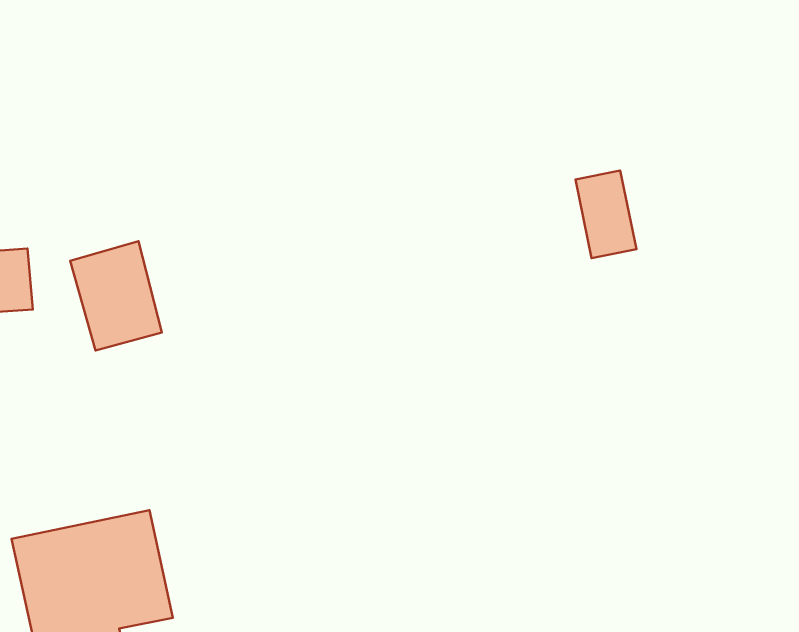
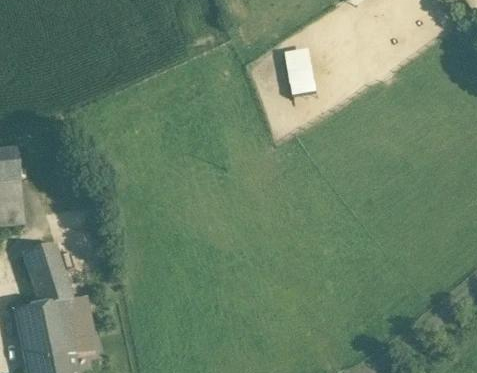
building: [575,170,636,258] -> [279,46,313,95]
building: [70,241,162,351] -> [25,240,76,301]

